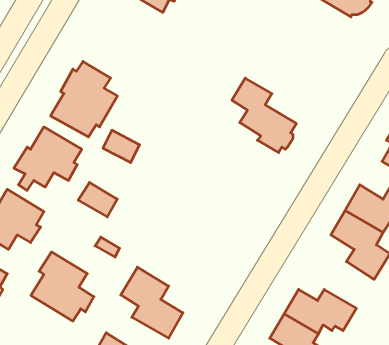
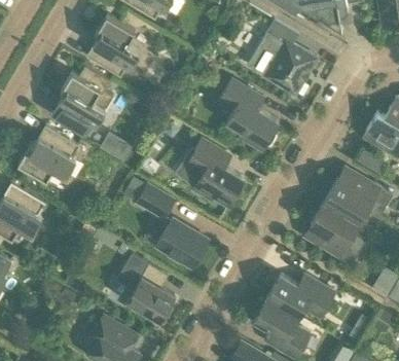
building: none -> [86,13,140,76]
building: none -> [247,19,317,95]
building: none -> [188,139,244,206]
building: [78,182,117,217] -> [137,185,173,217]
building: none -> [156,219,208,266]
building: [31,252,94,321] -> none

